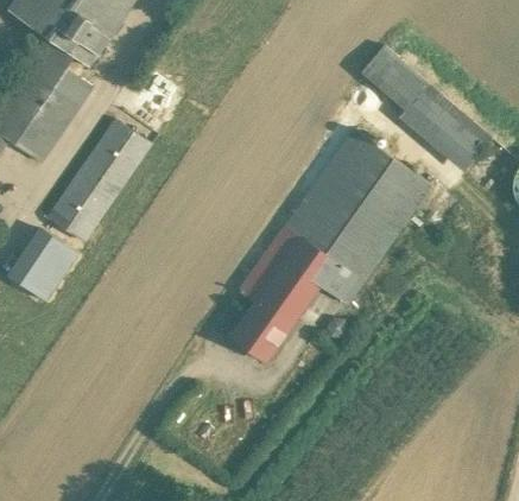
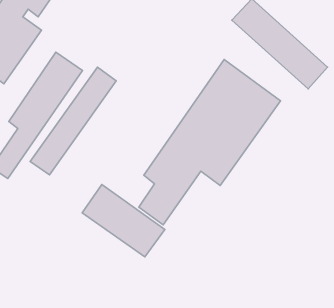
building: none -> [30,67,116,175]
building: none -> [82,185,165,257]

